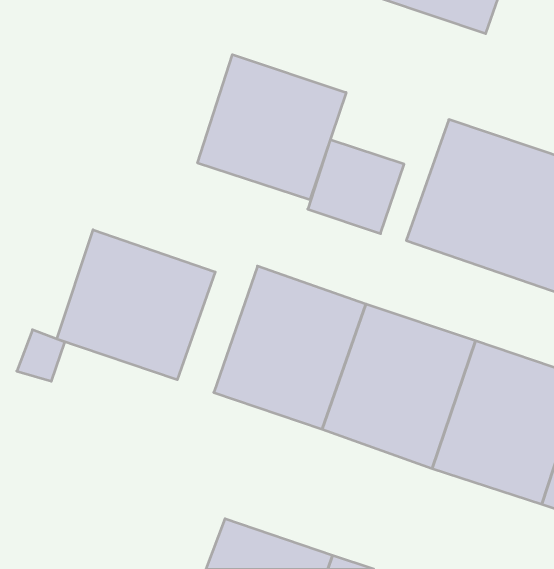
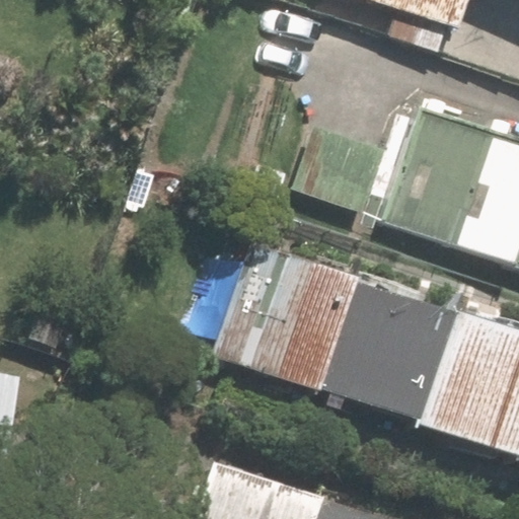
building: [198,55,346,200] -> none
building: [57,230,215,380] -> none

